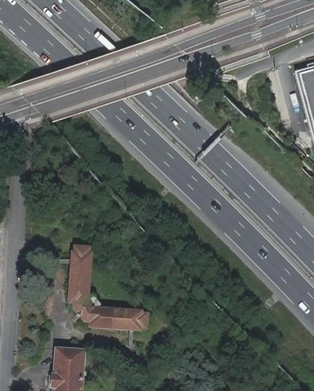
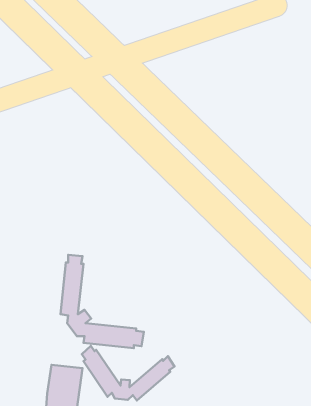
building: none -> [82,346,175,401]

